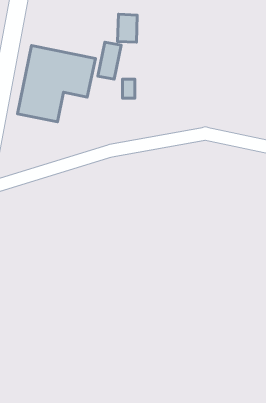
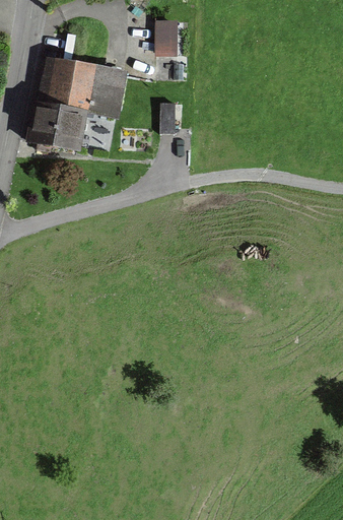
building: [98,42,121,79] -> none

